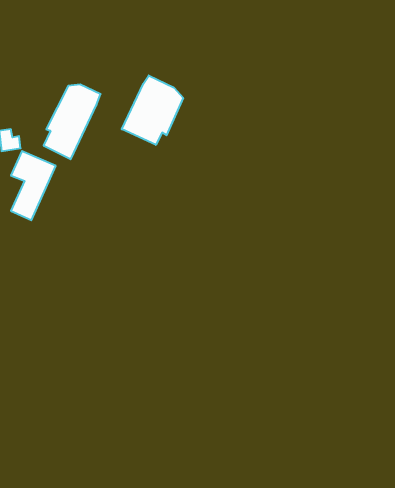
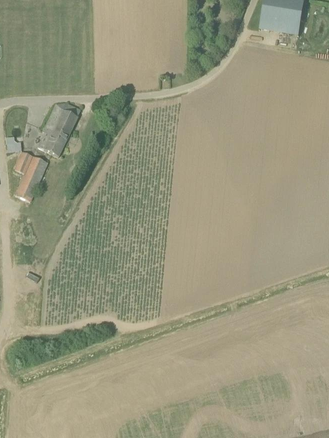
building: [122,75,183,145] -> none

